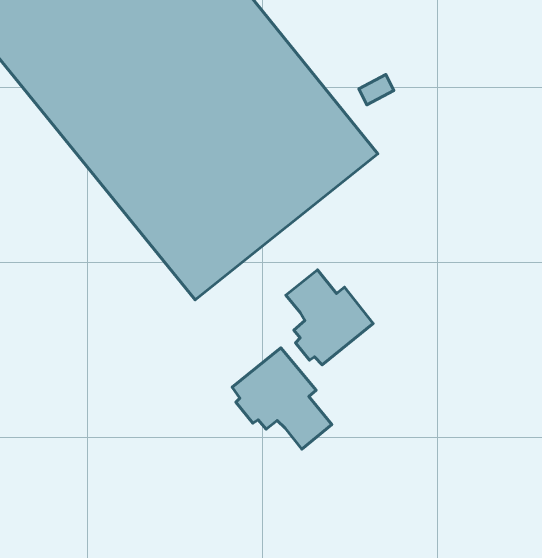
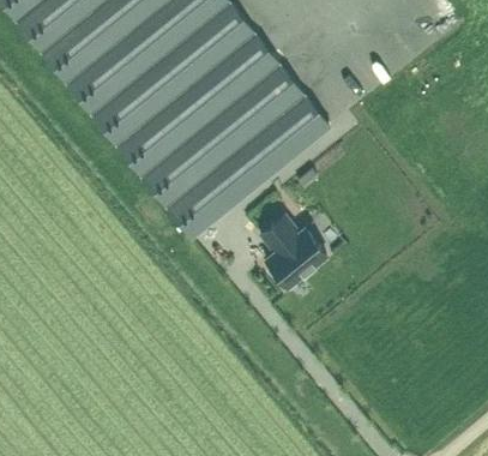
building: [232,348,332,449] -> none

